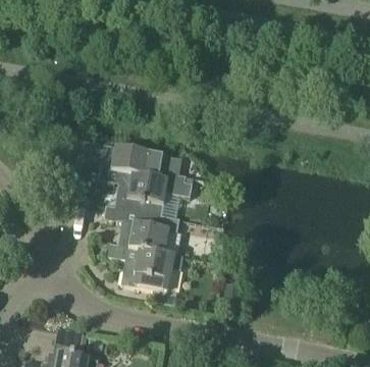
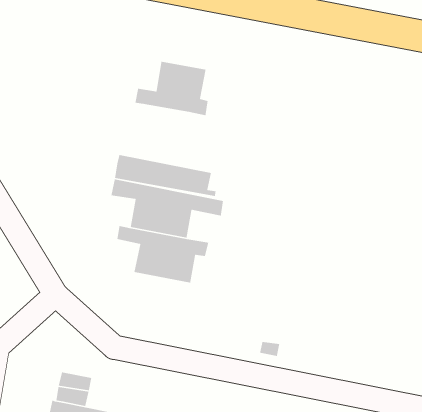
building: none -> [134,61,208,116]
building: [106,246,182,307] -> none

